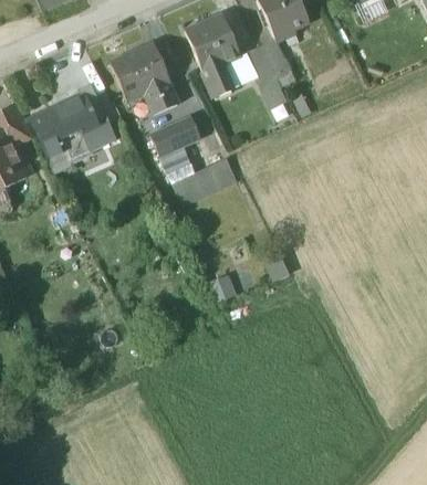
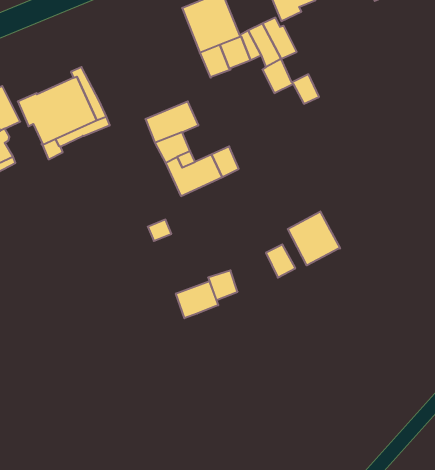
building: [112,43,178,112] -> none
building: none -> [288,211,340,265]
building: none -> [176,281,218,318]

